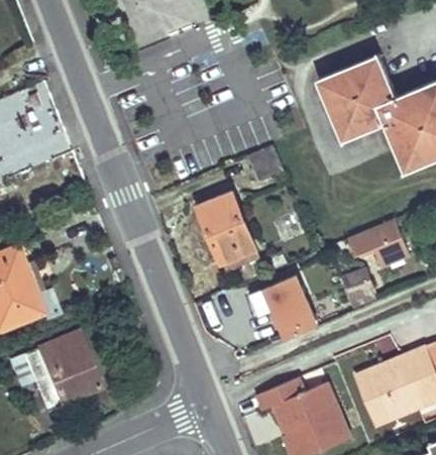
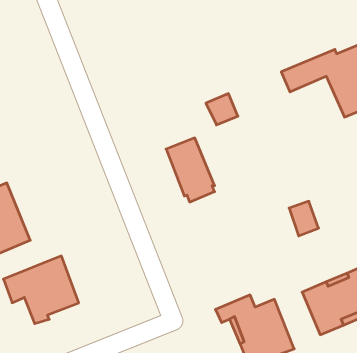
building: [317,54,396,118] -> none
building: [347,218,409,265] -> none
building: [253,274,317,339] -> none

